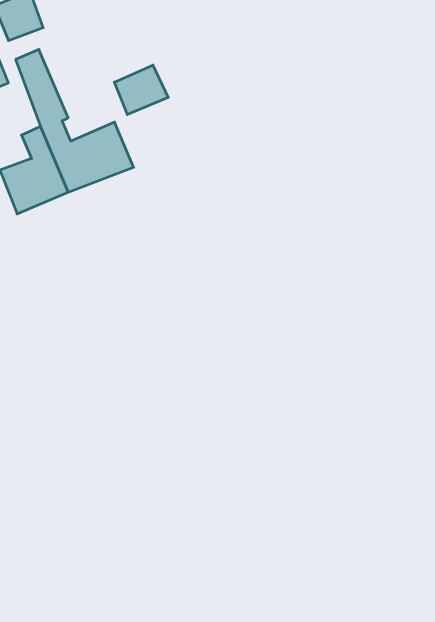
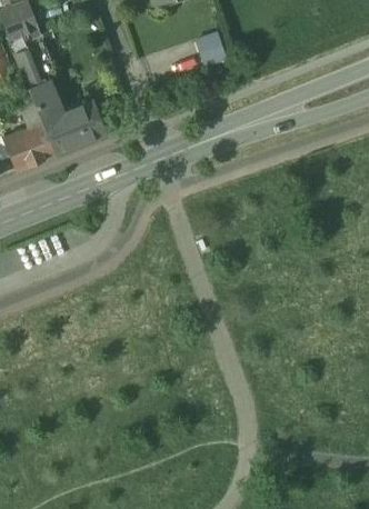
building: none -> [197,30,230,66]
building: [114,65,168,115] -> none

